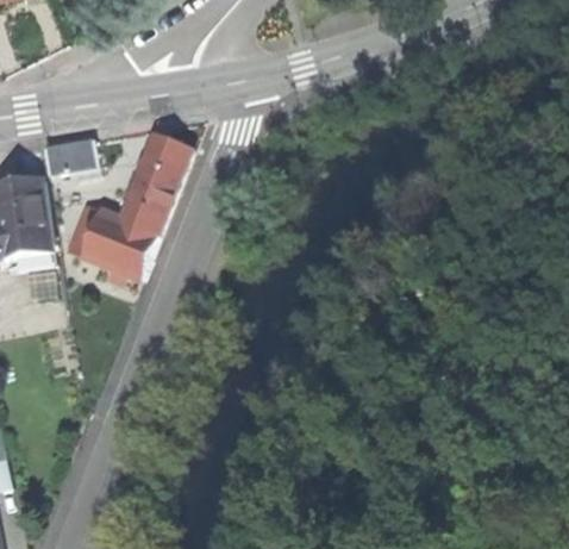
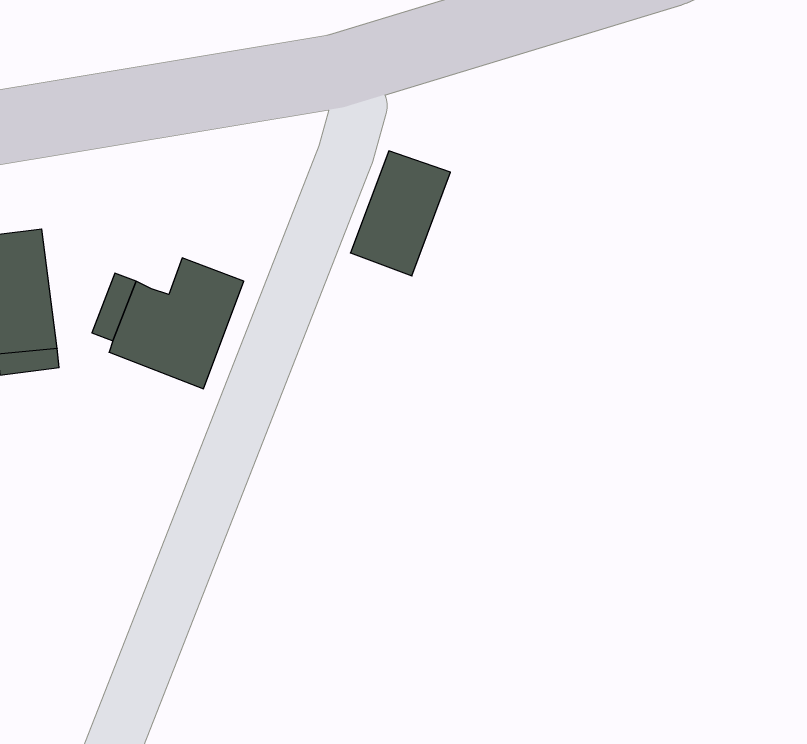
building: [129,132,190,210] -> [350,151,450,276]
building: [45,138,96,173] -> none

